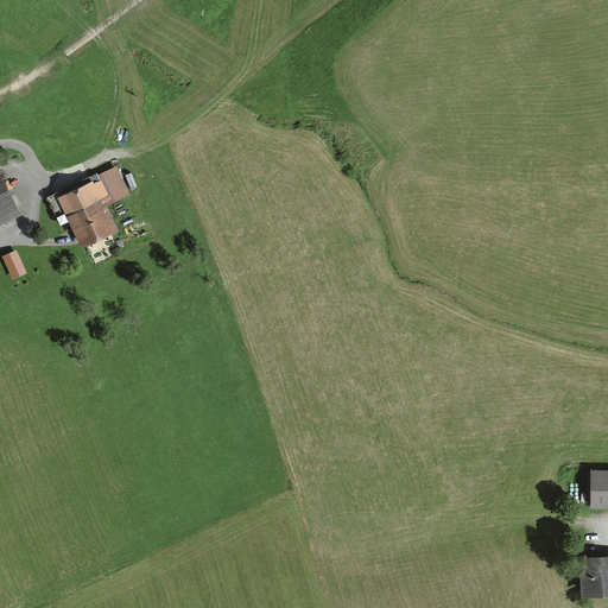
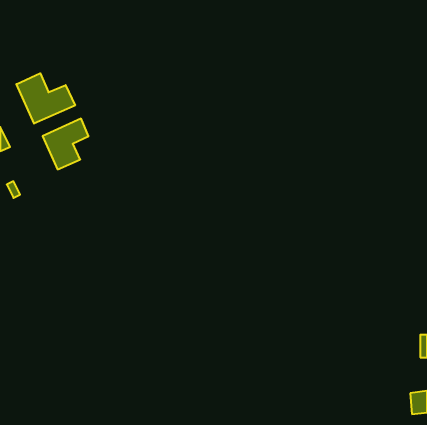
building: none -> [16,73,75,124]

